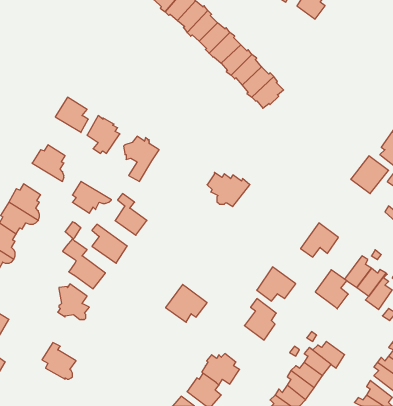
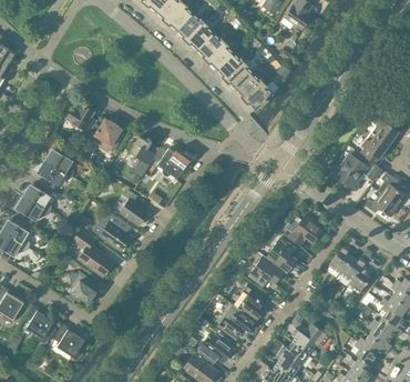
building: [207,172,250,207] -> [153,147,192,178]
building: [72,181,111,213] -> [37,160,72,189]
building: [315,270,348,309] -> [266,237,296,272]
building: [166,284,207,322] -> [217,304,255,339]
building: none -> [23,304,57,343]

